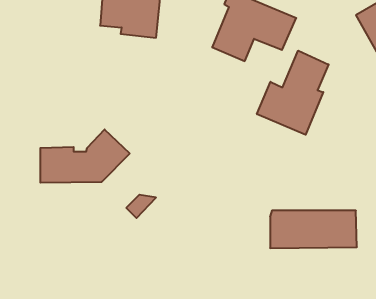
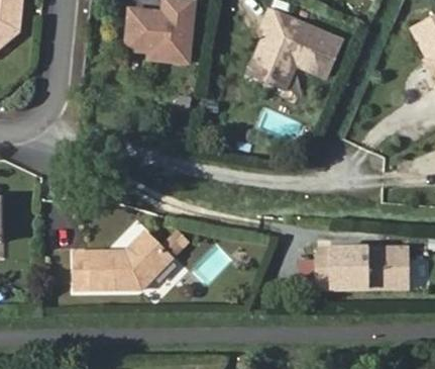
building: [257,51,329,135] -> none
building: [40,129,130,183] -> [71,230,168,288]

